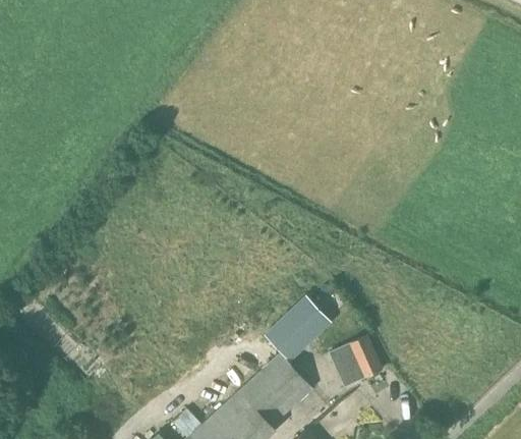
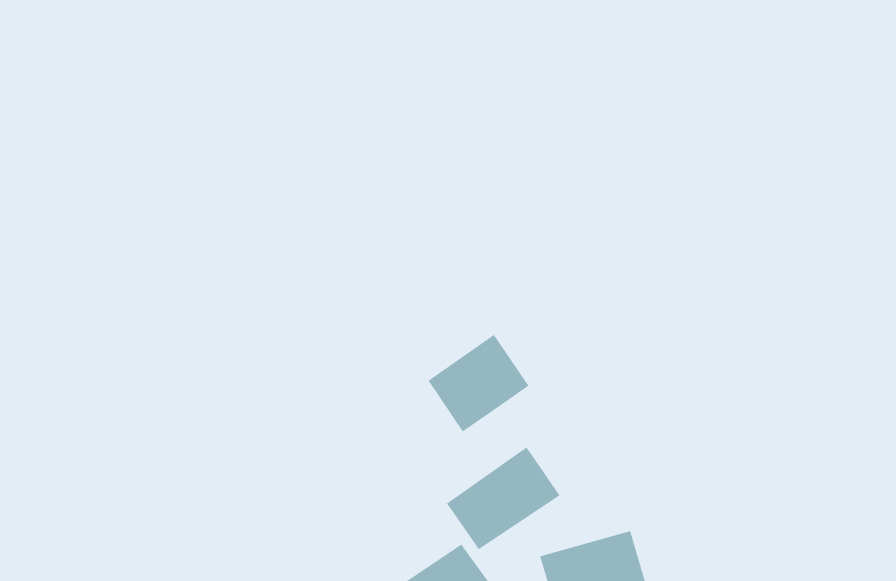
building: none -> [427,334,529,433]

